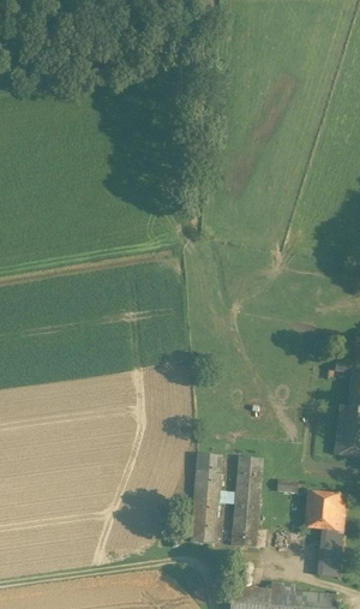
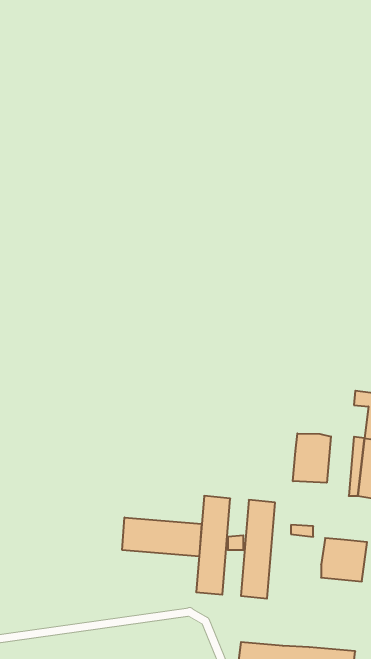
building: none -> [293,433,331,483]
building: none -> [122,517,201,556]
building: [322,532,342,578] -> none

